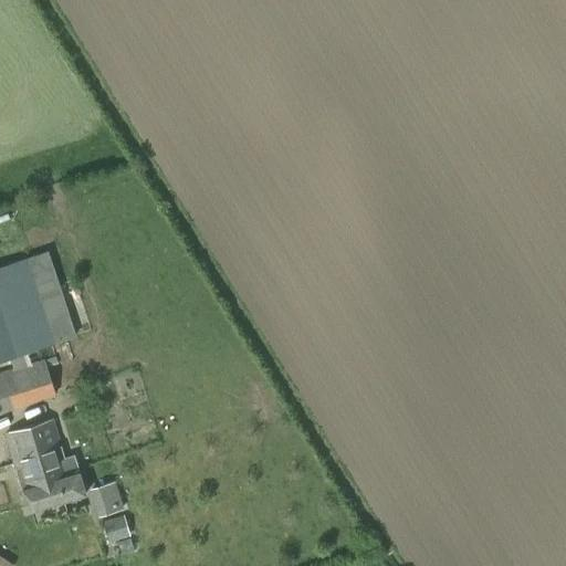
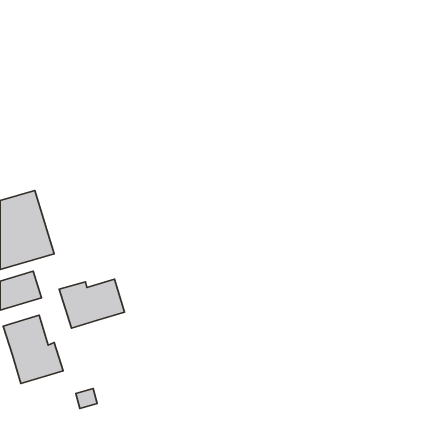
building: none -> [59,279,125,328]
building: [93,481,125,514] -> none

